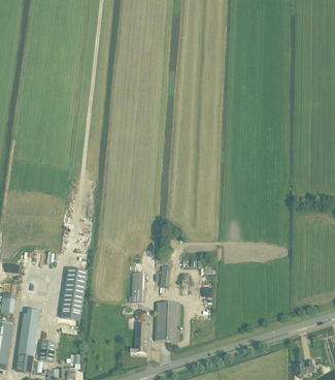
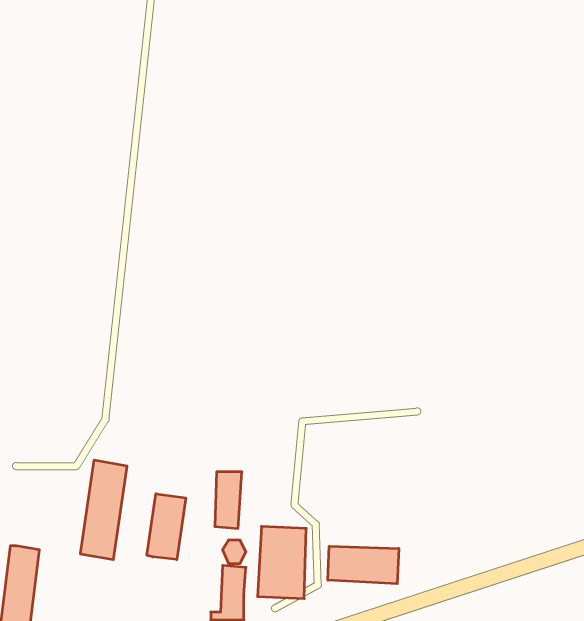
building: none -> [147,494,186,560]
building: none -> [328,546,399,584]

